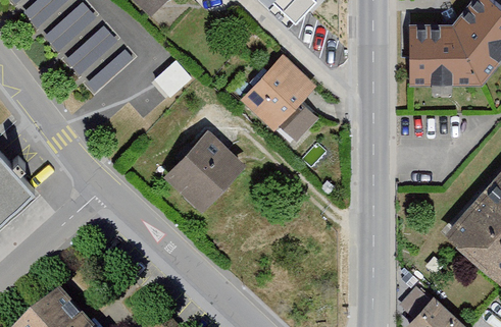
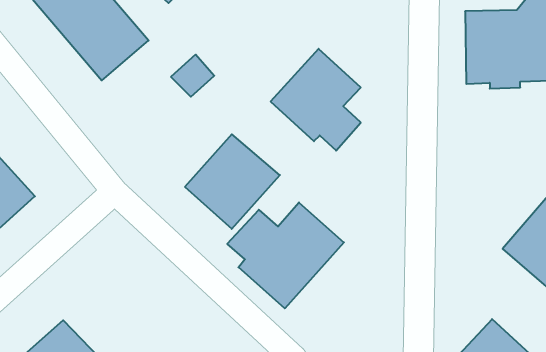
building: none -> [227,202,344,308]

